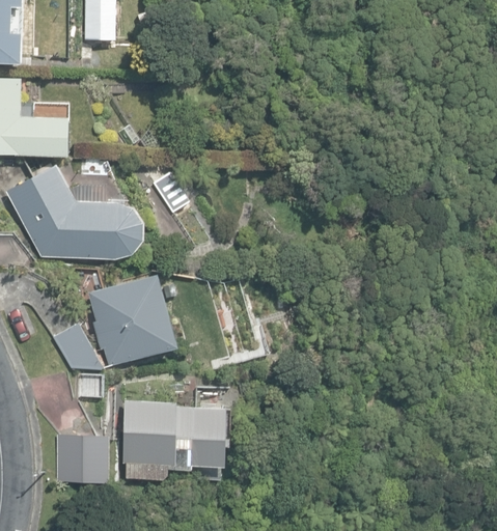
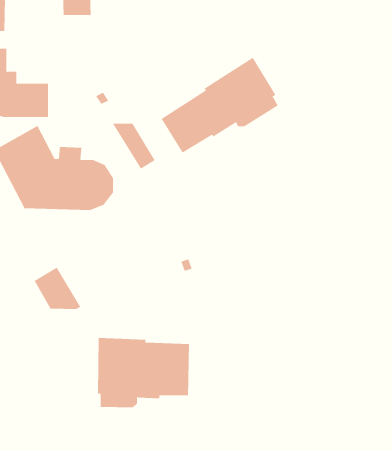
building: none -> [161,57,279,153]
building: [88,273,177,366] -> none
building: [56,435,108,482] -> none

